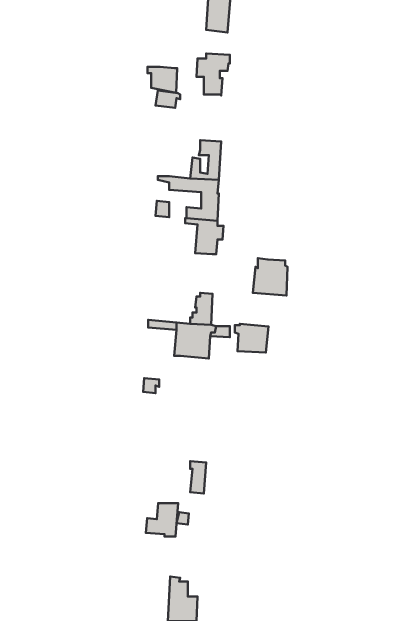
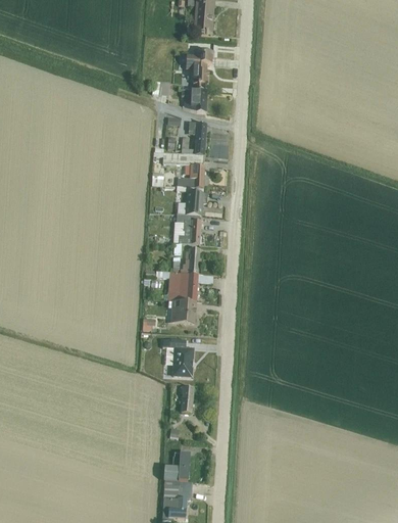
building: [148,67,177,93] -> [182,89,206,110]
building: [253,258,288,295] -> [172,212,201,243]
building: [235,324,268,352] -> [168,298,196,322]
building: none -> [162,338,193,375]
building: [146,503,178,537] -> [163,453,190,480]

